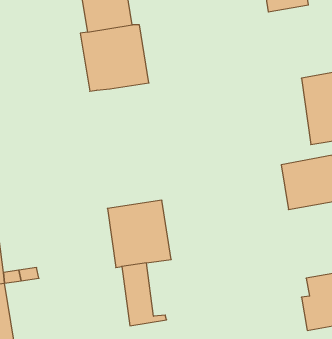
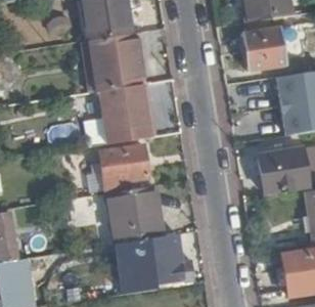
building: none -> [241,26,292,71]
building: none -> [98,84,150,132]
building: none -> [101,144,150,189]
building: none -> [141,234,195,286]

